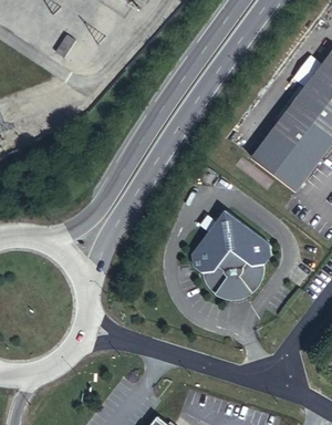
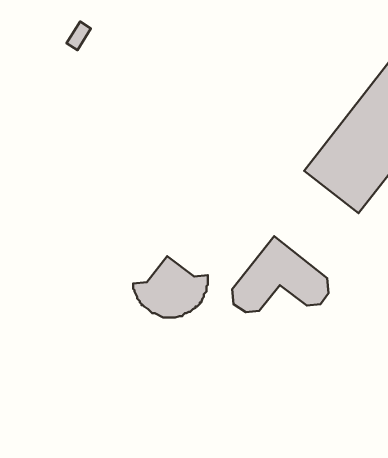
building: [203,250,263,300] -> [133,256,208,317]

